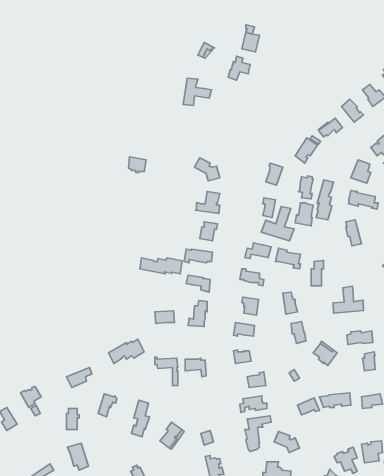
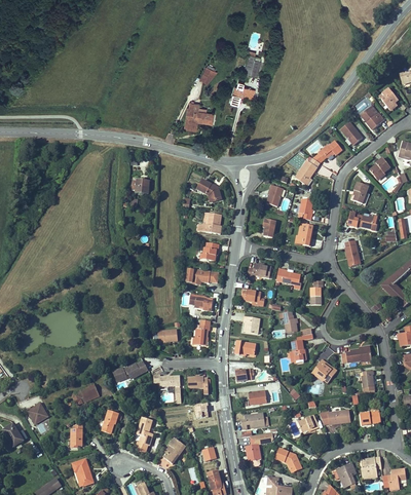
building: [316,180,333,220] -> none
building: [261,206,294,241] -> none
building: [140,258,182,274] -> none
building: [333,286,363,313] -> none

